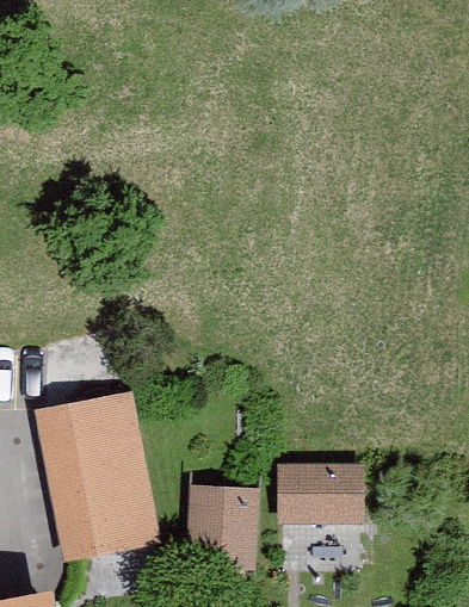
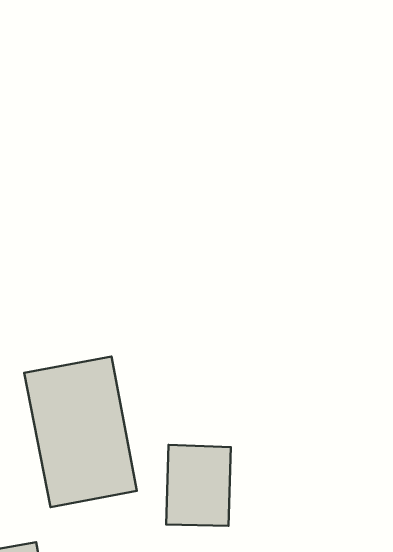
building: [277,464,365,524] -> none

